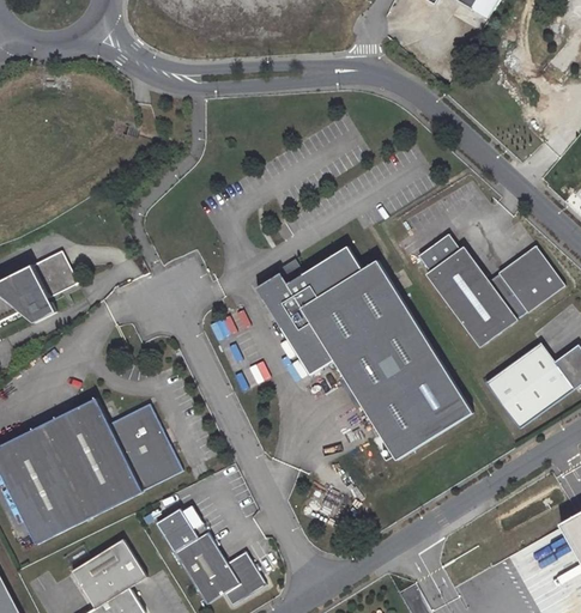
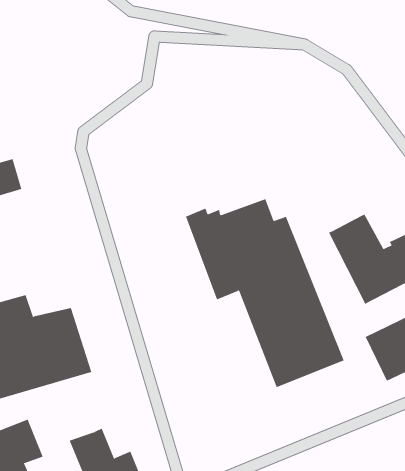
building: [416,233,456,272] -> none
building: [156,508,200,553] -> none

